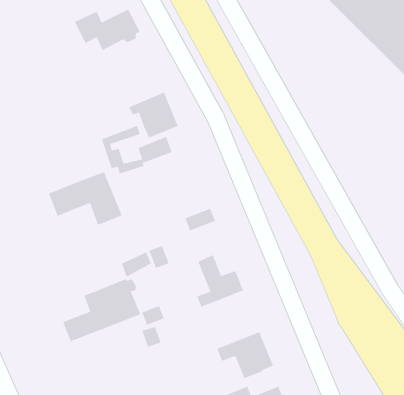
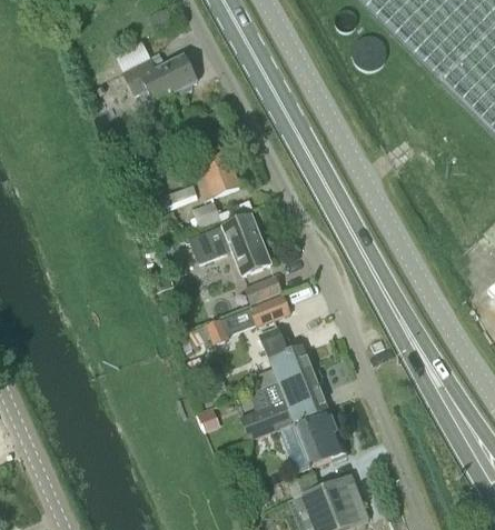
building: [48,171,123,226] -> [188,214,270,274]
building: none -> [250,294,290,327]
building: [62,278,141,343] -> [240,368,327,439]

